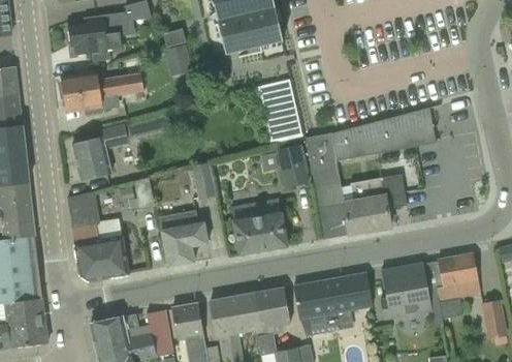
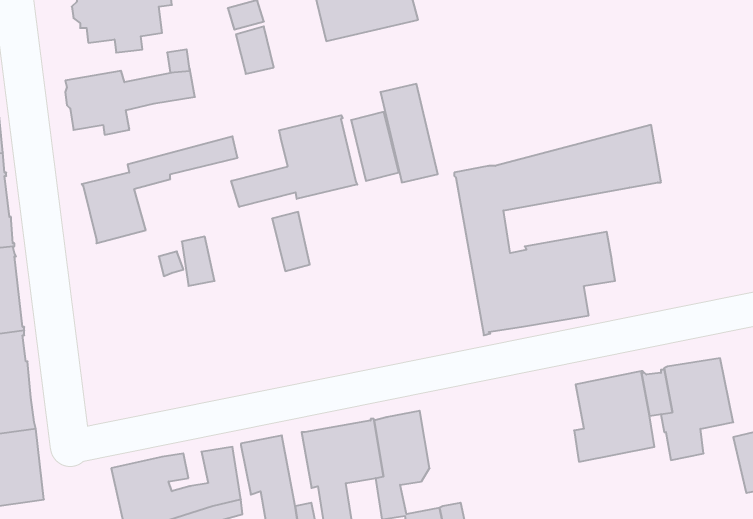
building: none -> [231,115,357,207]
building: [277,144,307,187] -> [351,112,399,181]
building: [67,190,129,281] -> none
building: [231,199,287,253] -> none
building: [159,210,207,266] -> none
building: [293,272,372,334] -> none

